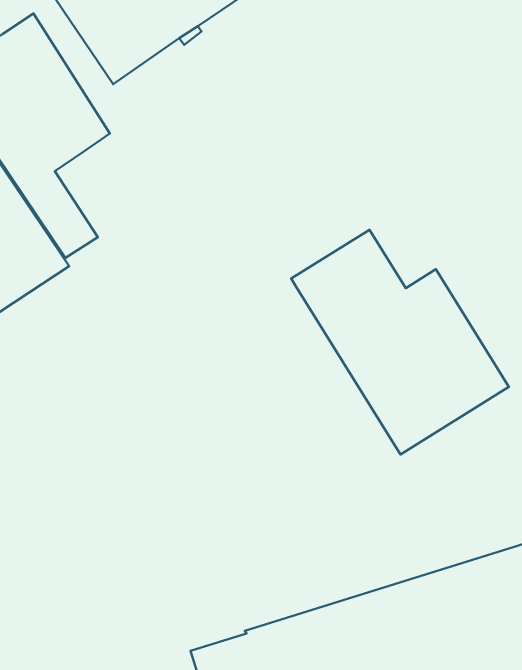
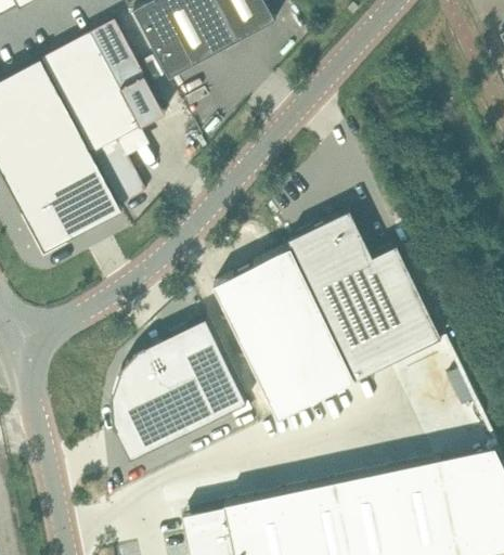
building: none -> [214,247,357,418]
building: none -> [112,319,248,461]

